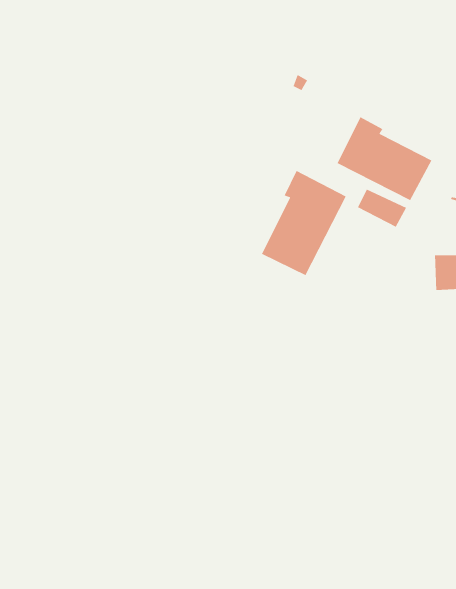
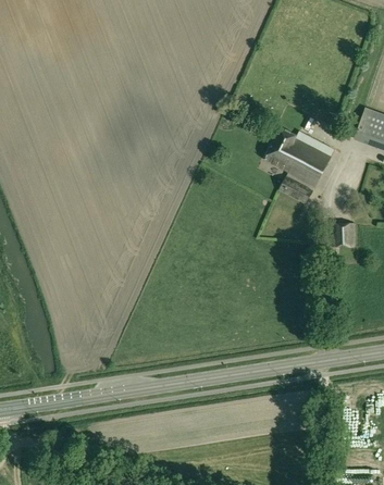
building: [261,170,347,276] -> none

